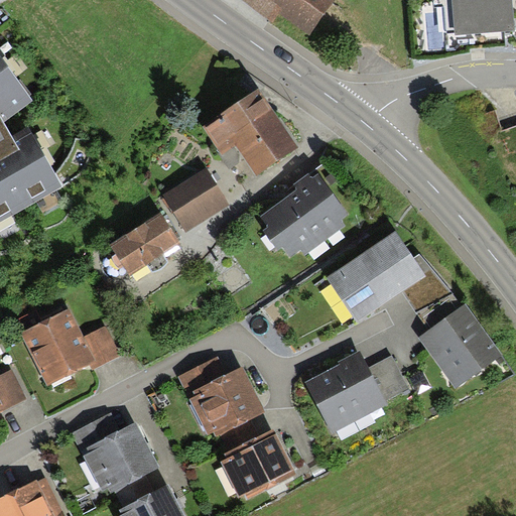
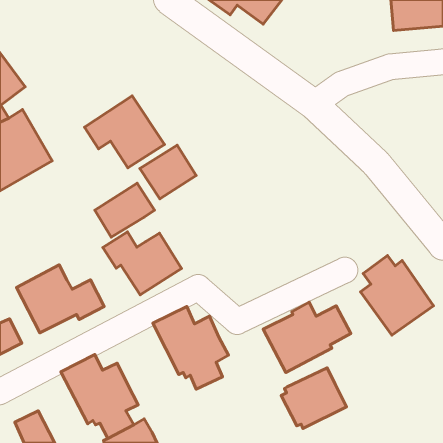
building: [207,95,299,178] -> [85,96,164,168]
building: [262,174,347,257] -> none
building: [328,232,450,324] -> none
building: none -> [103,232,182,295]
building: [221,429,296,500] -> [281,368,346,429]

